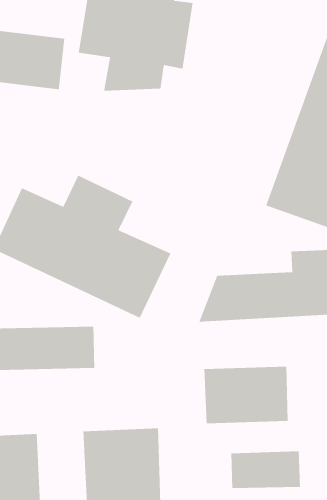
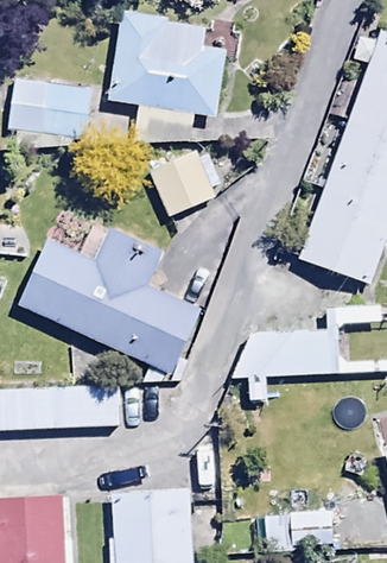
building: none -> [145,147,216,220]
building: [203,366,289,424] -> none

